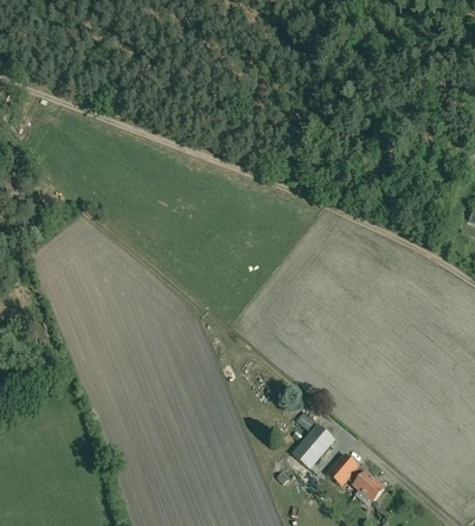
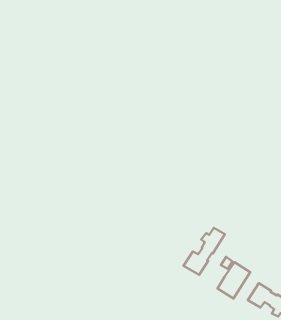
building: none -> [184,228,225,275]

